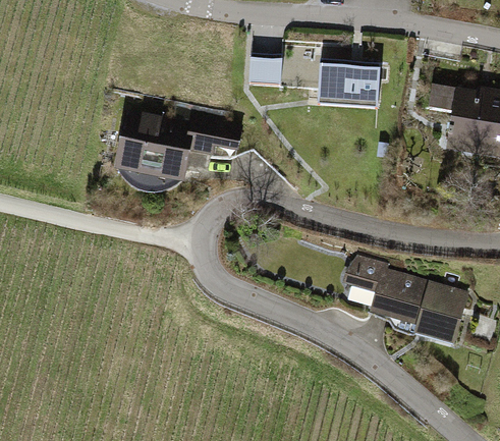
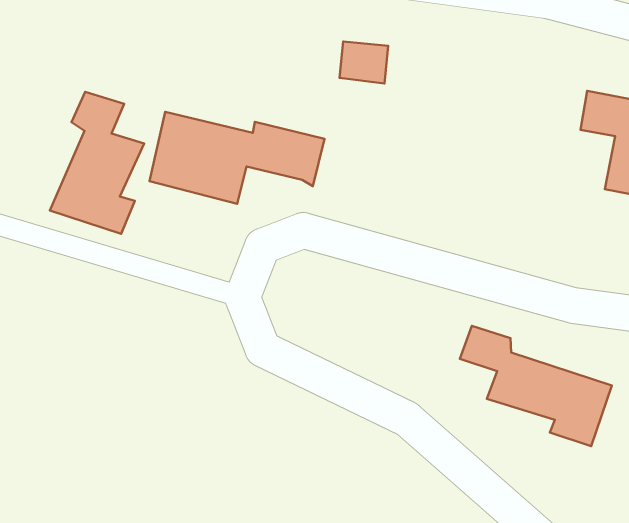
building: [319,62,382,110] -> none
building: none -> [50,92,144,234]

